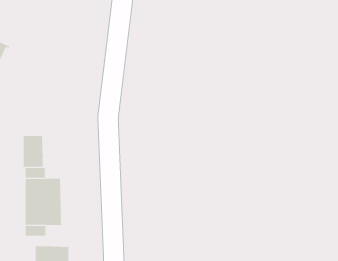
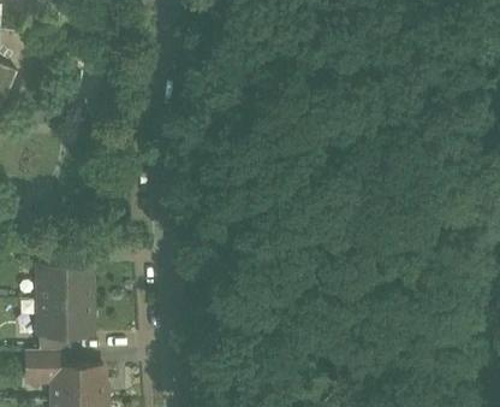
building: [23,135,43,167] -> none
building: none -> [25,352,66,376]

